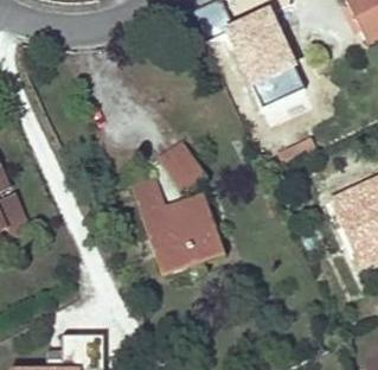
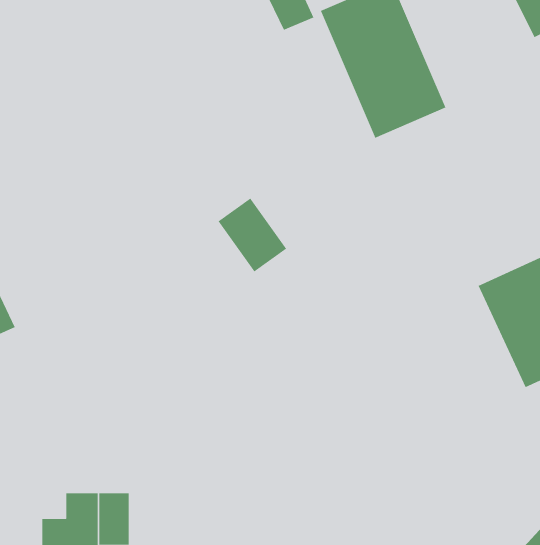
building: [132,177,223,279] -> none

